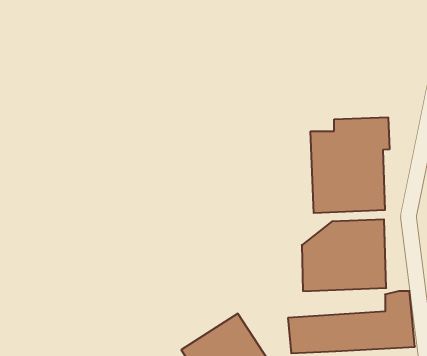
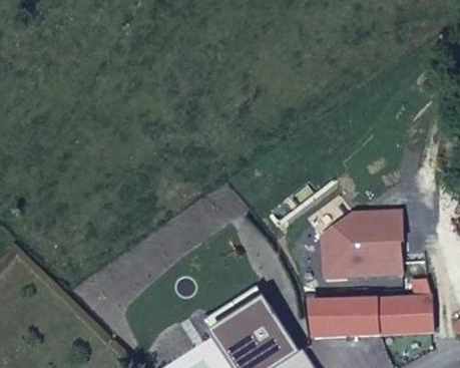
building: [311,117,389,213] -> none

